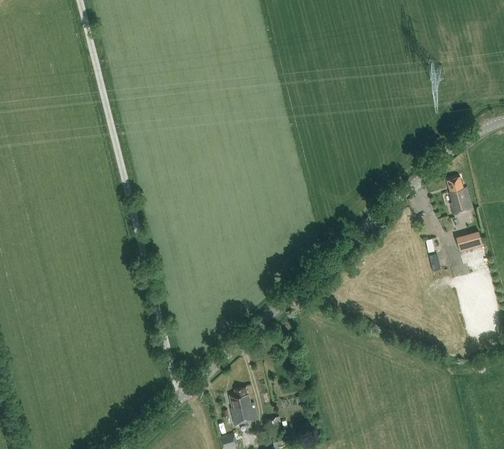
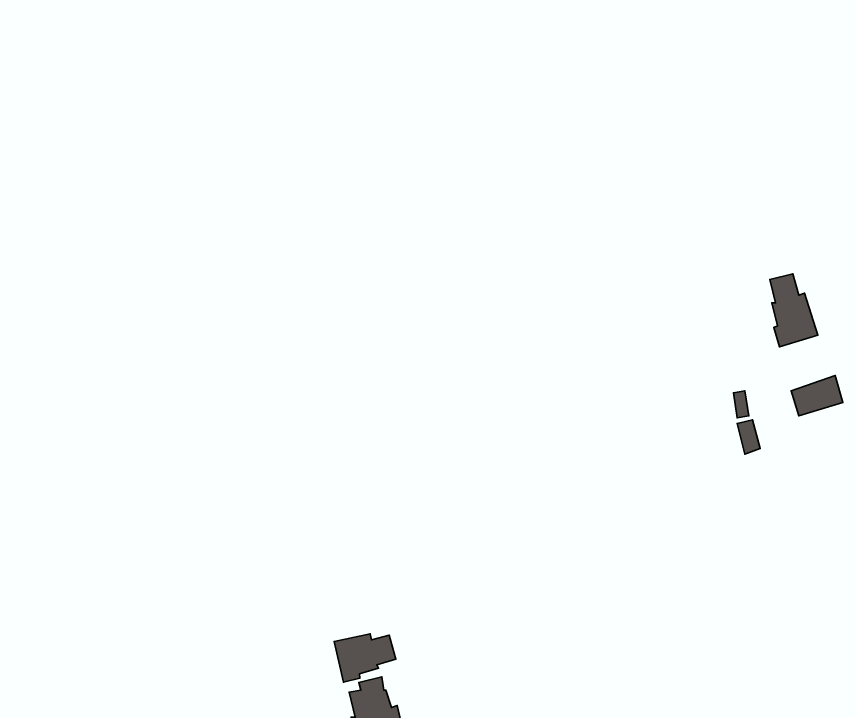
building: none -> [334,634,396,682]

